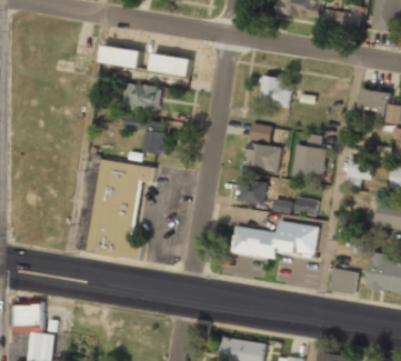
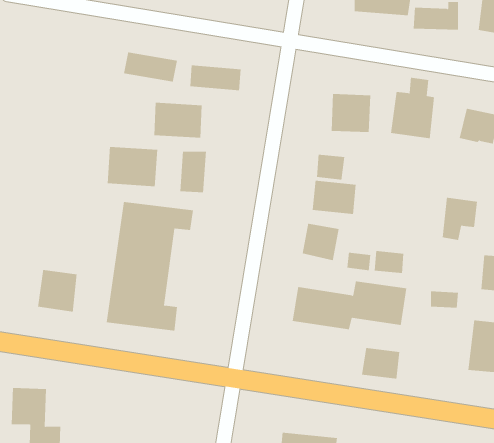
building: none -> [107,146,158,187]
building: [291,133,325,181] -> [390,77,435,139]
building: none -> [37,269,77,312]
building: [328,269,358,293] -> [361,347,400,379]

